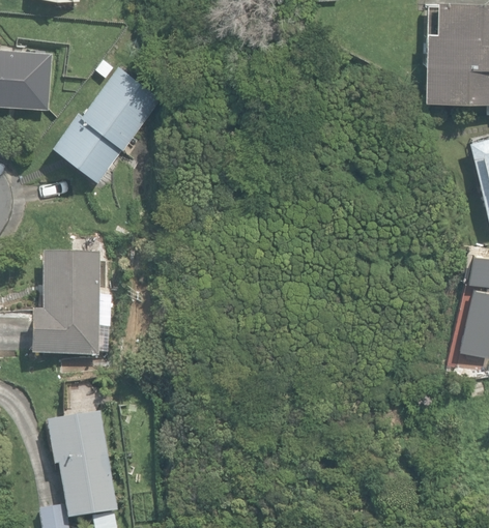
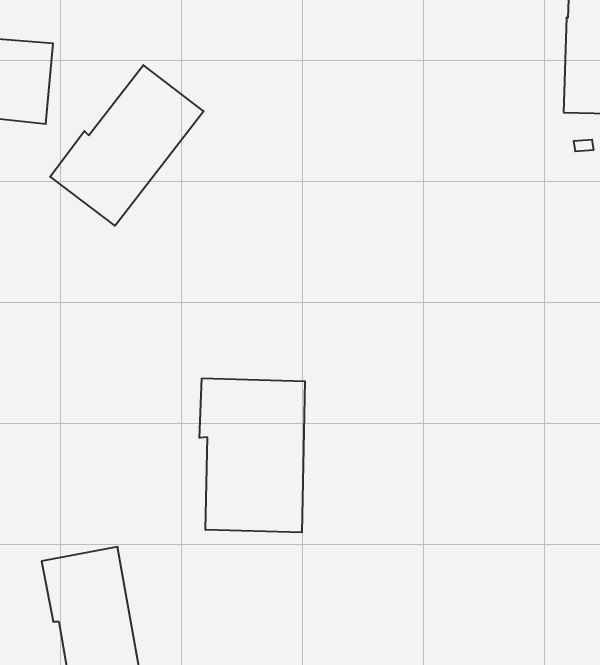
building: [31,254,102,359] -> none
building: none -> [200,378,305,532]

